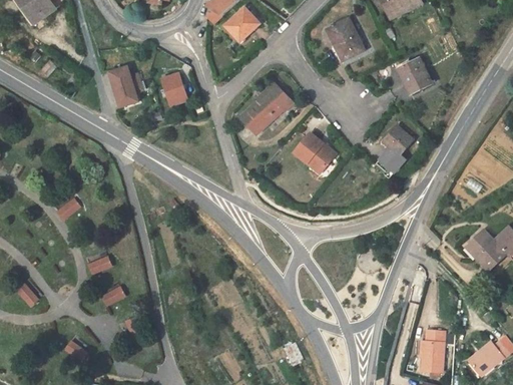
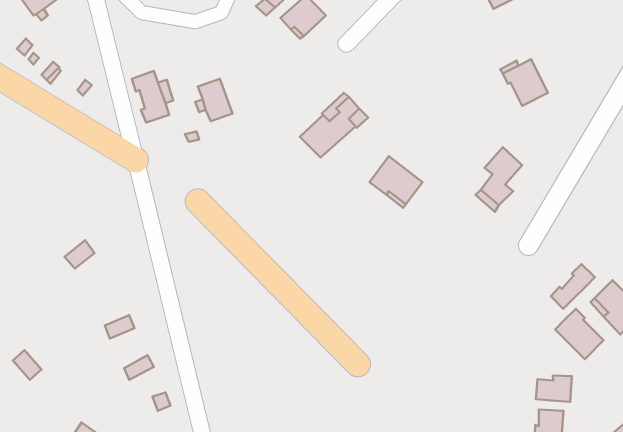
building: [326,18,364,60] -> none
building: none -> [551,264,595,309]
building: none -> [555,309,604,359]
building: none -> [536,375,572,402]

